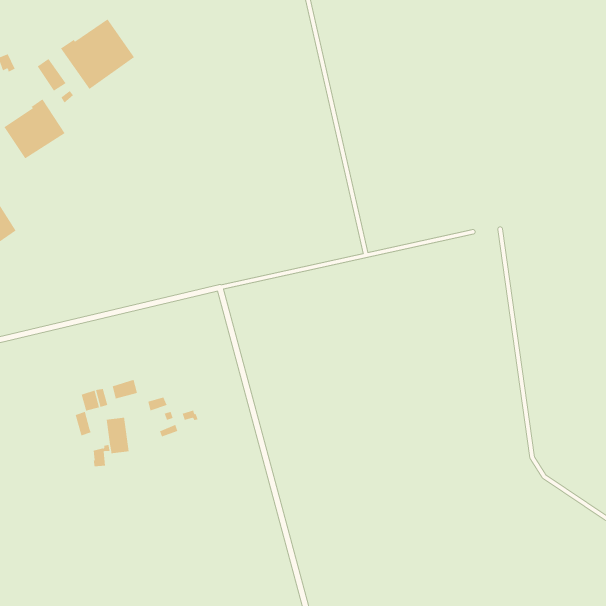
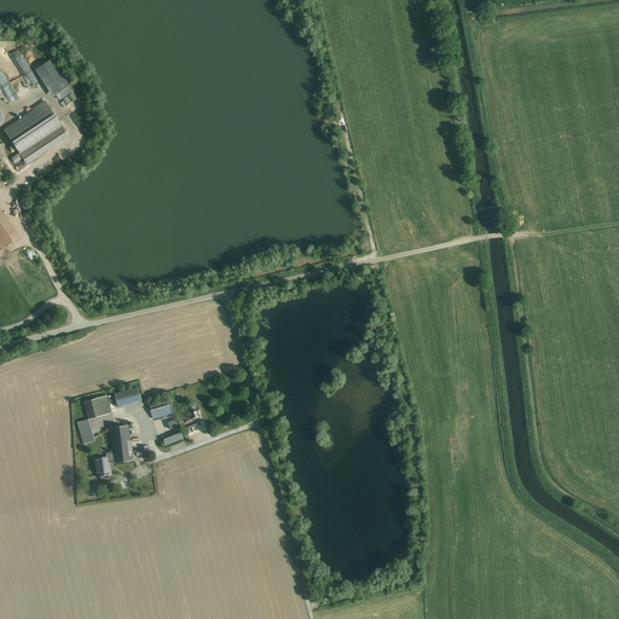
building: [60,18,135,90] -> none

